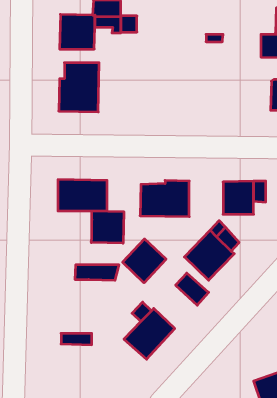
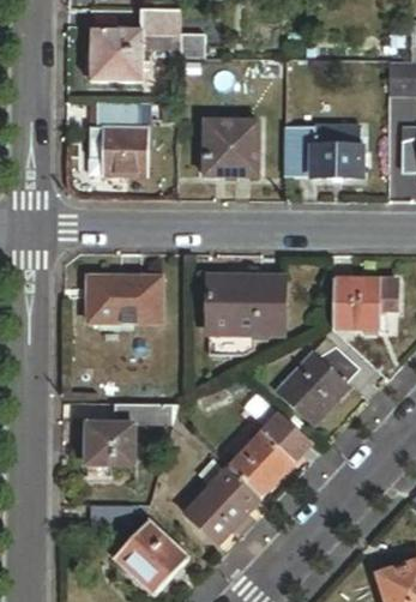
building: none -> [204,120,258,176]
building: none -> [285,126,367,176]
building: [91,211,124,243] -> none
building: [123,239,166,282] -> [229,433,294,498]
building: none -> [85,425,132,465]
building: none -> [111,520,188,596]

